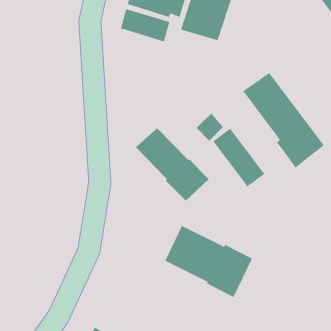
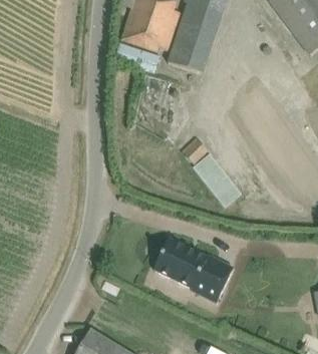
building: [243,72,325,168] -> none
building: [135,127,210,201] -> none

